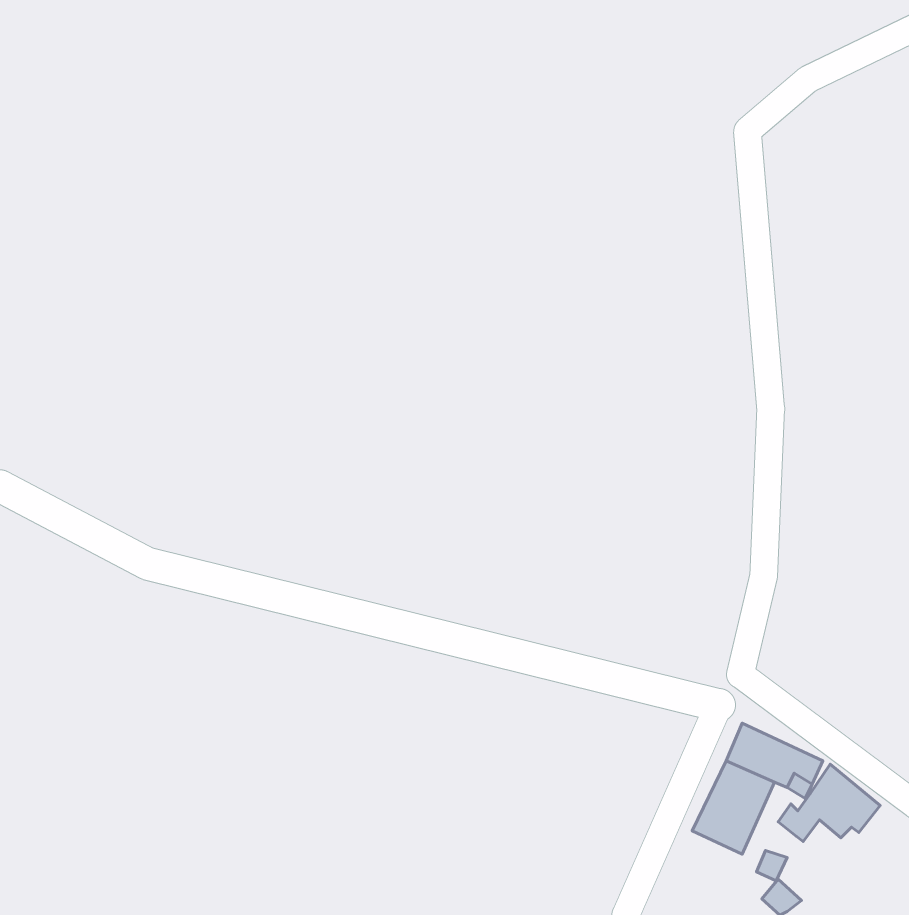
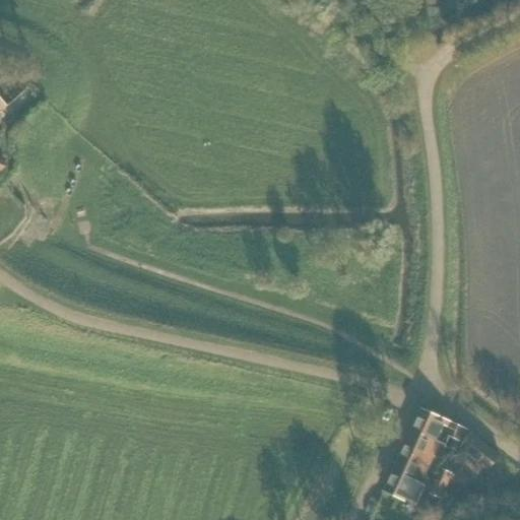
building: none -> [387,470,430,505]

